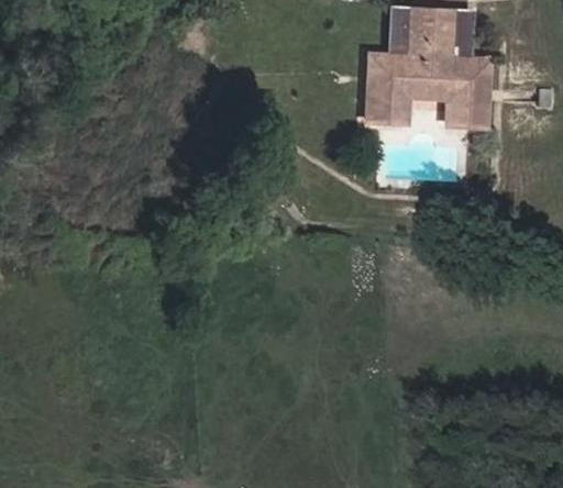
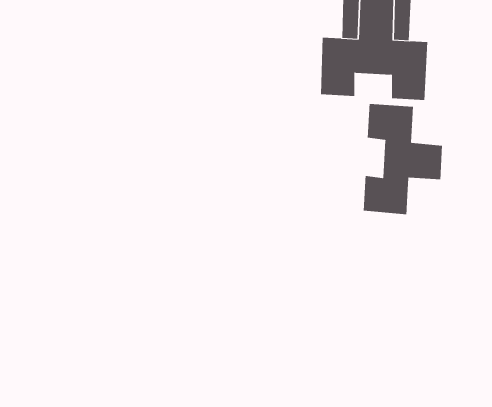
building: none -> [363,103,443,215]

